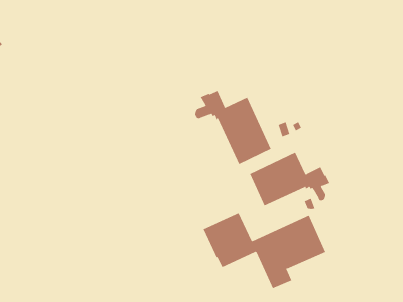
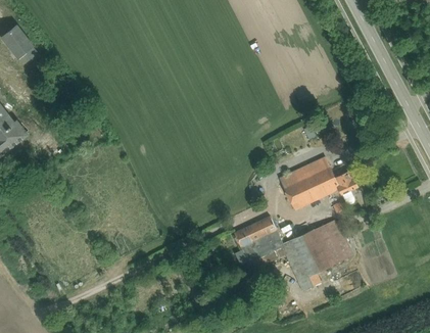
building: [194,90,272,165] -> none

